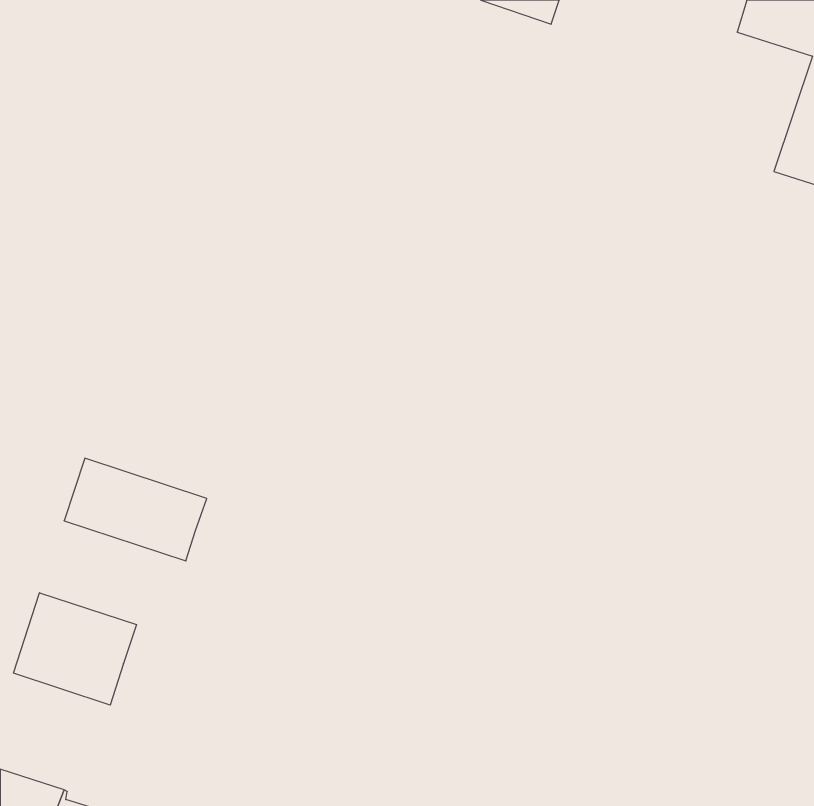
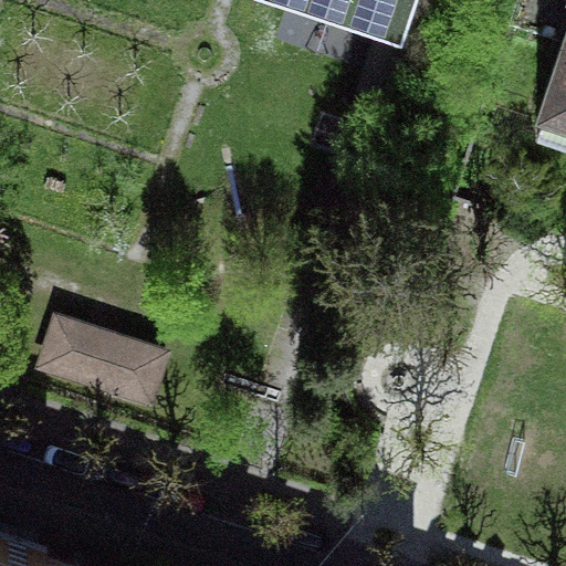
building: [13,593,136,705] -> none

